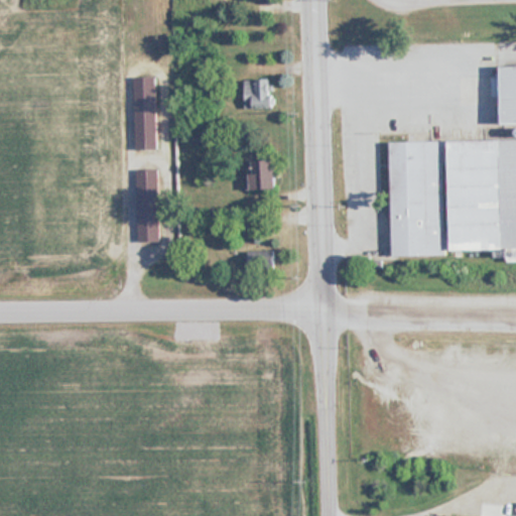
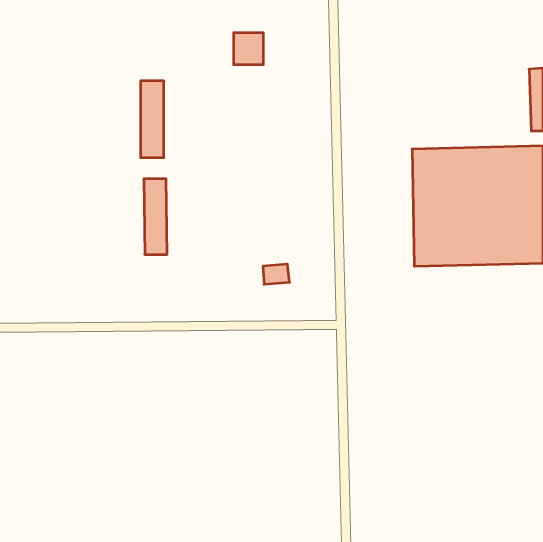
building: [244,81,272,111] -> [234,33,263,65]
building: [250,154,275,191] -> none

